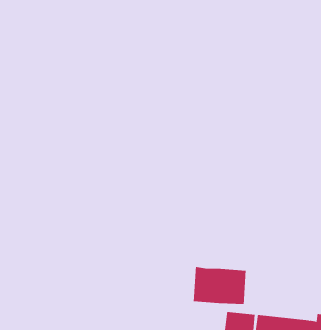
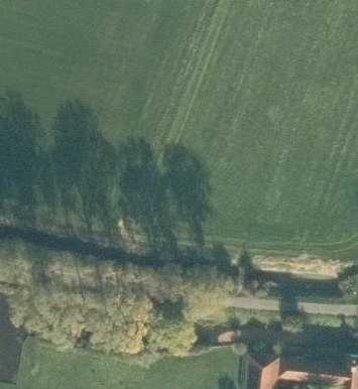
building: [193,266,246,305] -> none

